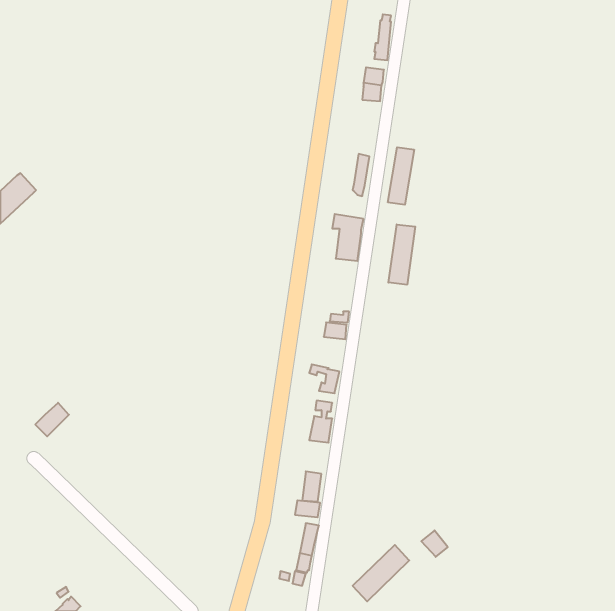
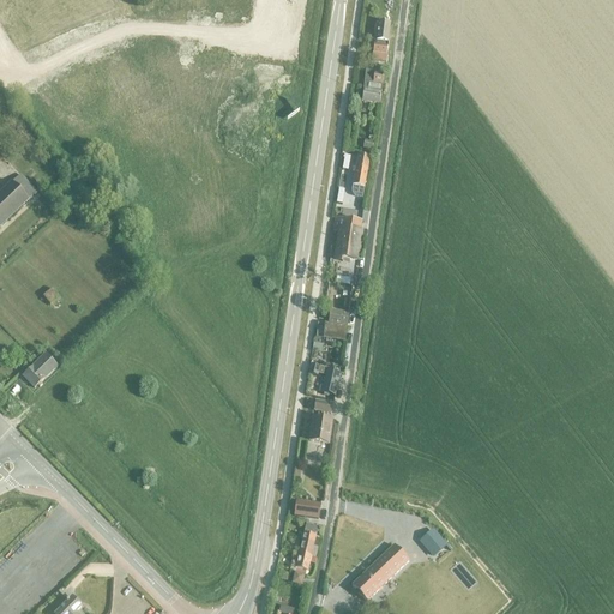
building: [388,147,414,205] -> none
building: [388,224,415,285] -> none
building: [35,403,69,436] -> [22,353,55,386]

